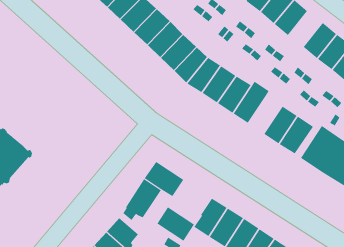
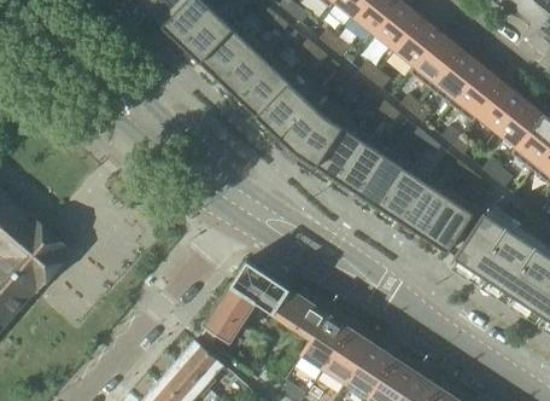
building: none -> [434,48,482,99]
building: none -> [378,168,426,222]
building: [156,206,195,241] -> [271,287,326,337]

